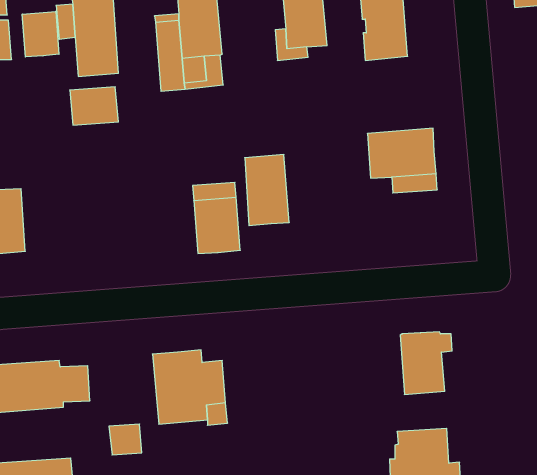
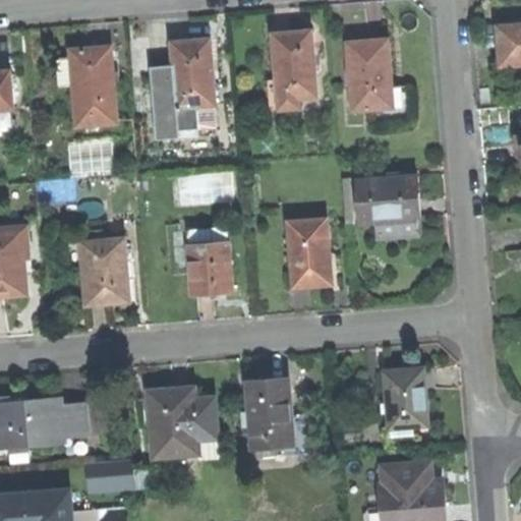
building: [22,11,59,57] -> none
building: [245,155,289,226] -> [287,219,330,287]
building: none -> [79,238,127,304]
building: none -> [248,381,306,456]

